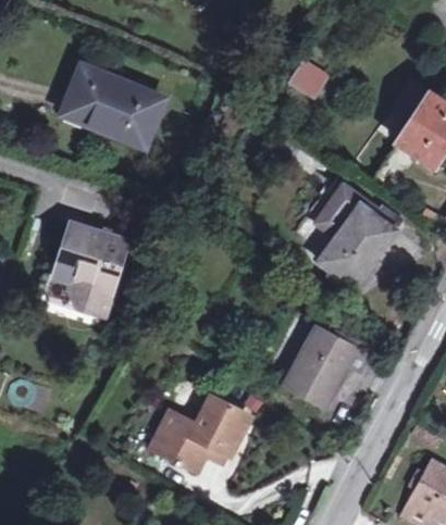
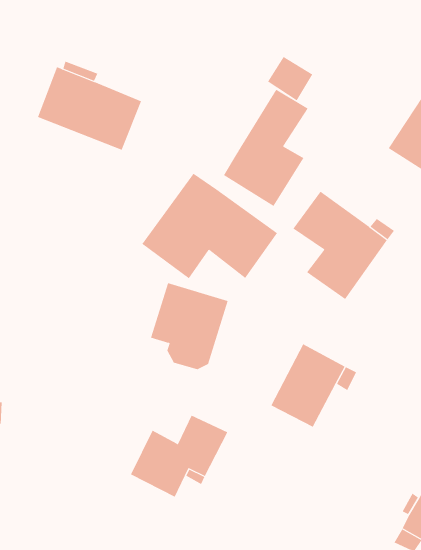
building: none -> [223,89,309,207]
building: none -> [141,173,278,279]
building: [53,225,127,308] -> [150,283,229,370]

